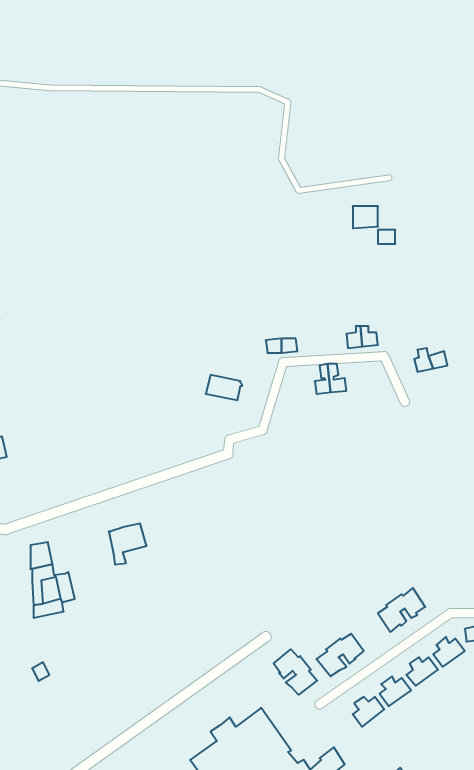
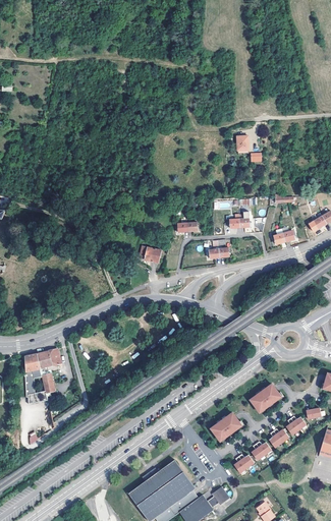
building: [109,524,147,565] -> [37,349,61,375]
building: [274,649,317,695] -> none

